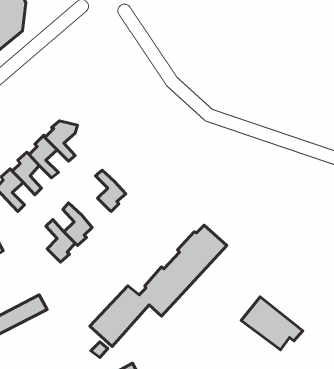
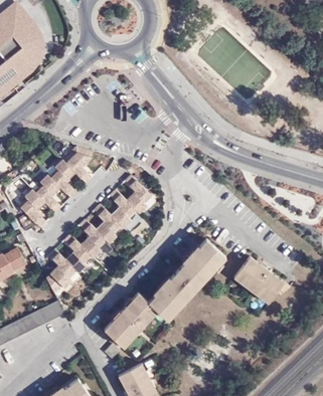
building: none -> [124,175,150,212]
building: none -> [94,204,121,242]
building: none -> [47,249,75,290]
building: [241,297,303,350] -> [232,256,288,304]

